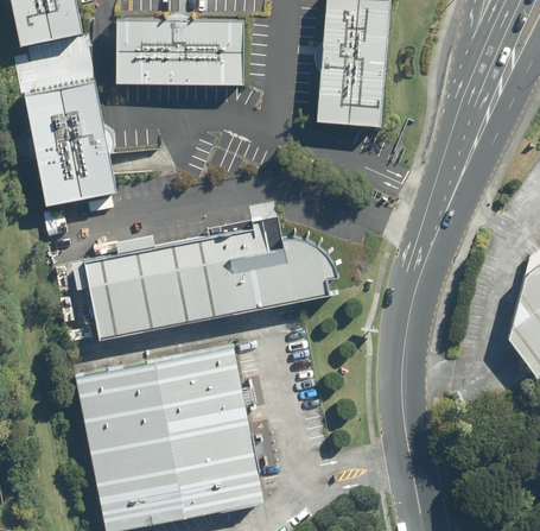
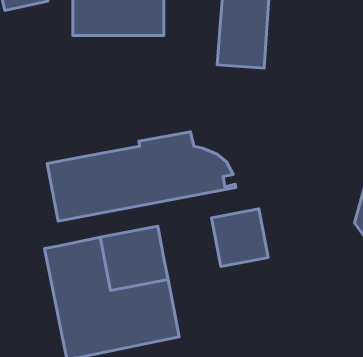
building: [24,81,116,203] -> none
building: none -> [212,209,268,267]

